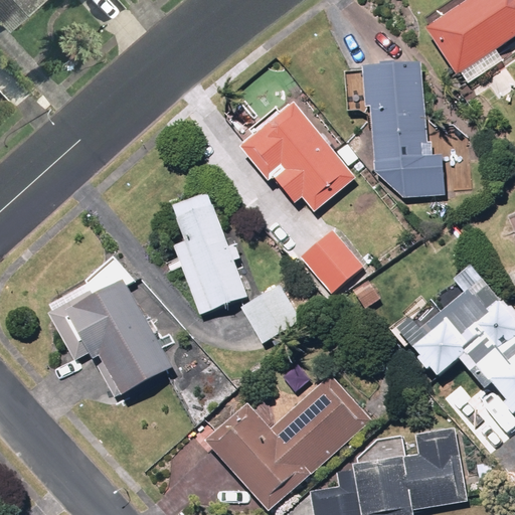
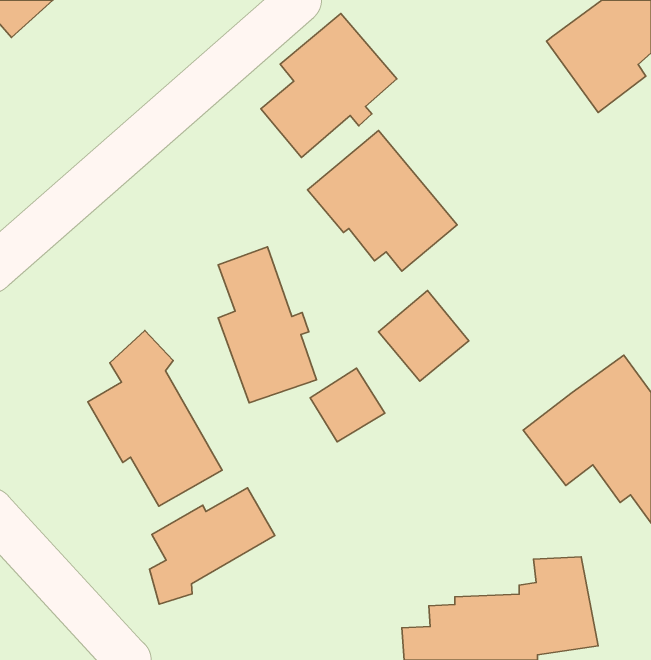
building: none -> [261,13,397,158]
building: [360,62,445,194] -> none
building: [208,377,366,507] -> none
building: none -> [150,488,275,604]

